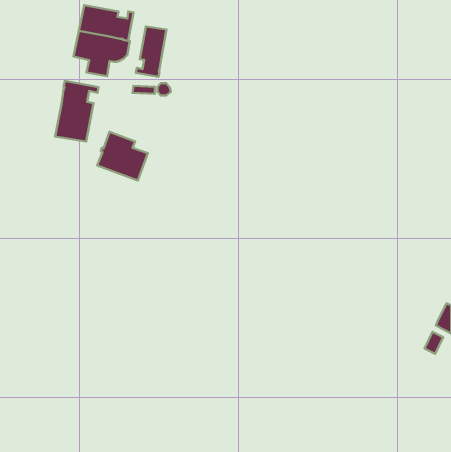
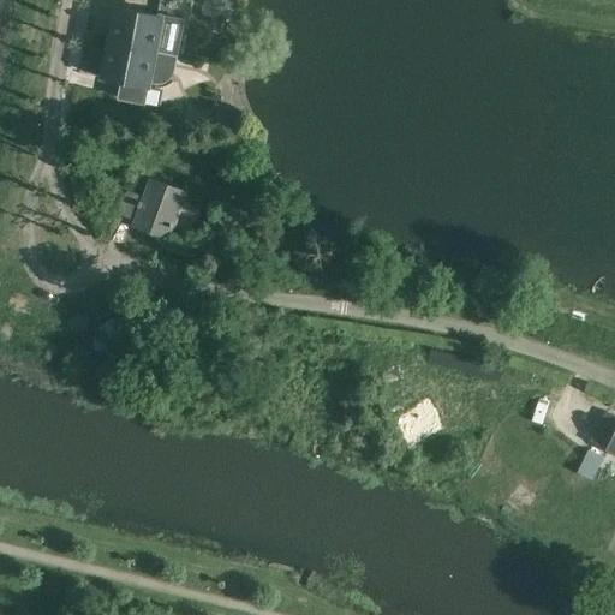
building: [136,26,167,77] -> none
building: [55,81,99,141] -> none

